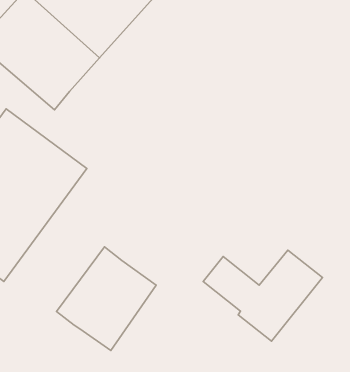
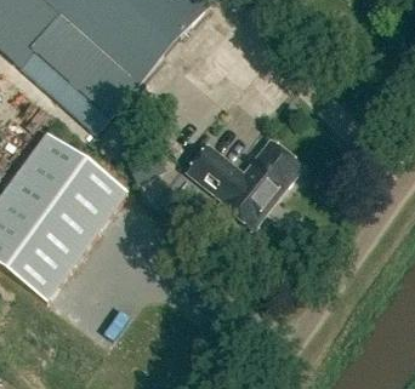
building: [57,247,156,350] -> none
building: [203,250,323,341] -> [184,142,301,230]

